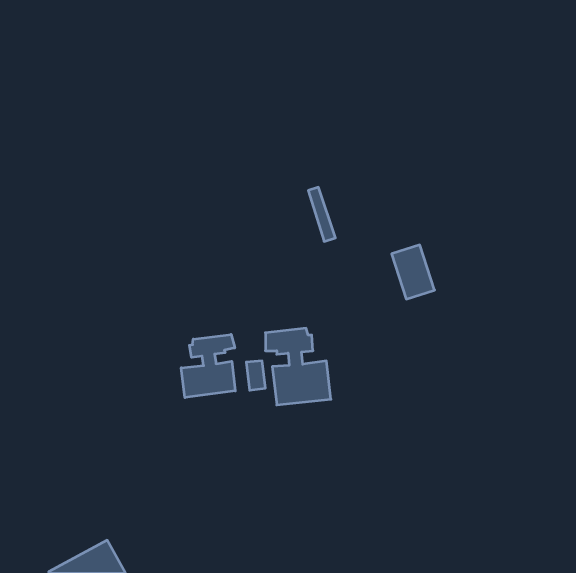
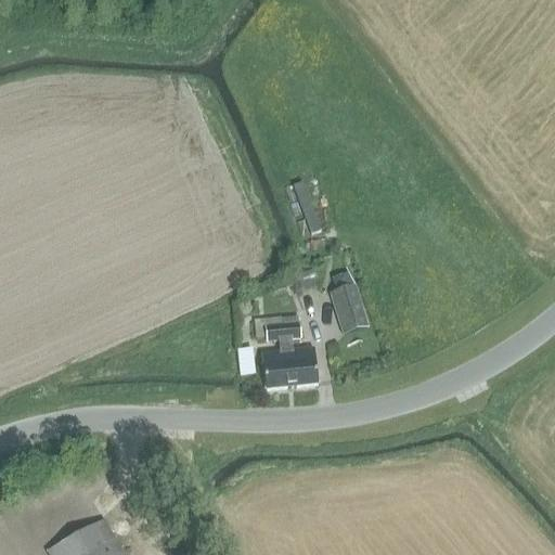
building: [392,245,435,299] -> [327,283,369,335]
building: [181,334,235,398] -> none

